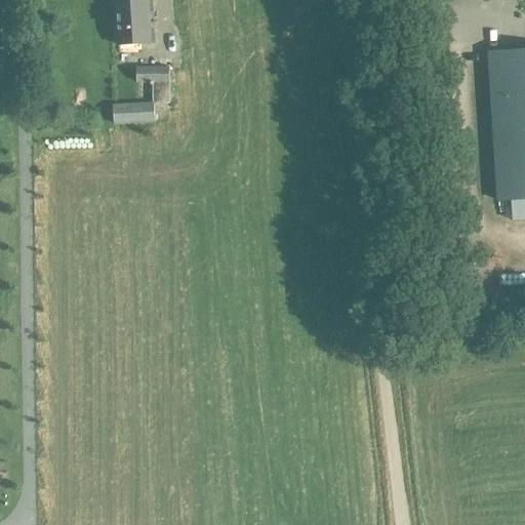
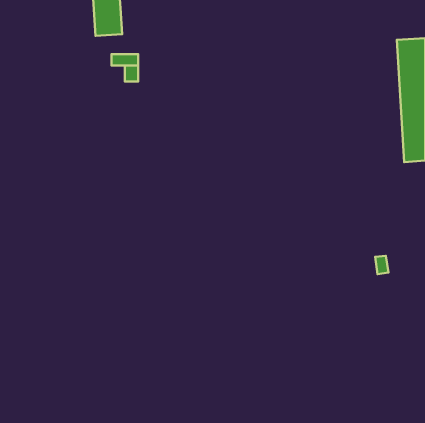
building: [115,102,156,122] -> none

